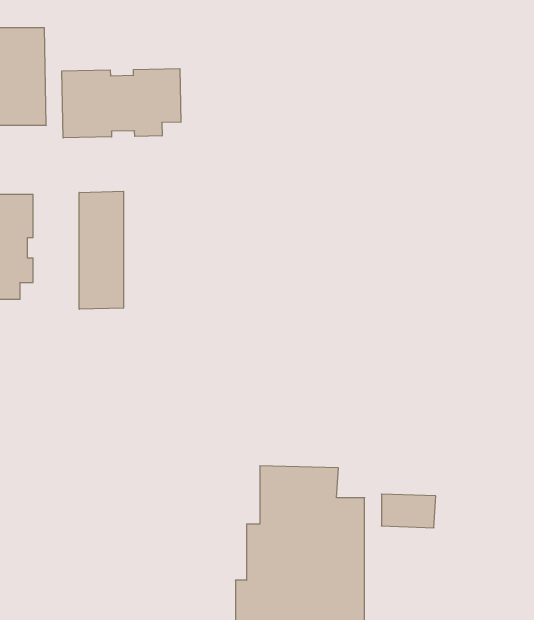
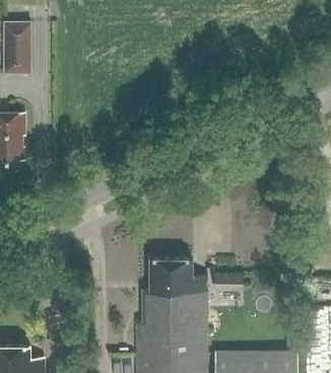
building: [62,69,181,138] -> none
building: [79,191,124,309] -> none

